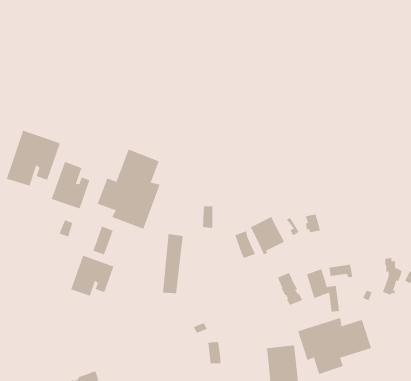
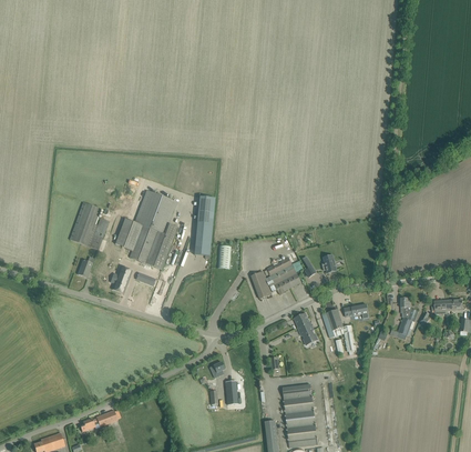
building: [6,130,61,187] -> none
building: [162,233,183,294] -> [194,194,215,254]
building: [70,255,114,296] -> none
building: [297,317,372,375] -> none

